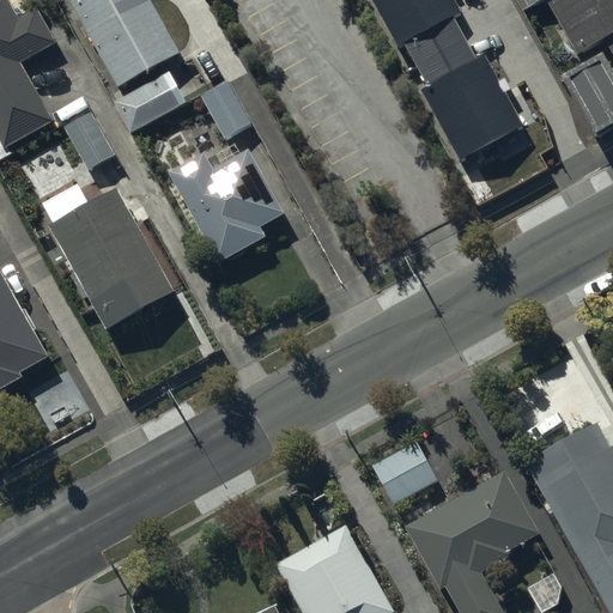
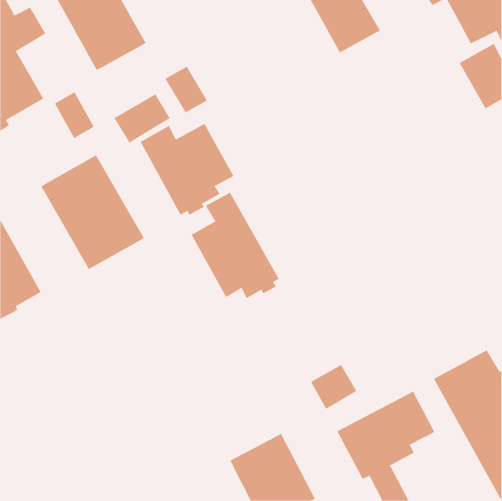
building: [413,37,512,152] -> none
building: [114,73,183,134] -> [113,94,171,144]
building: none -> [191,192,280,299]

